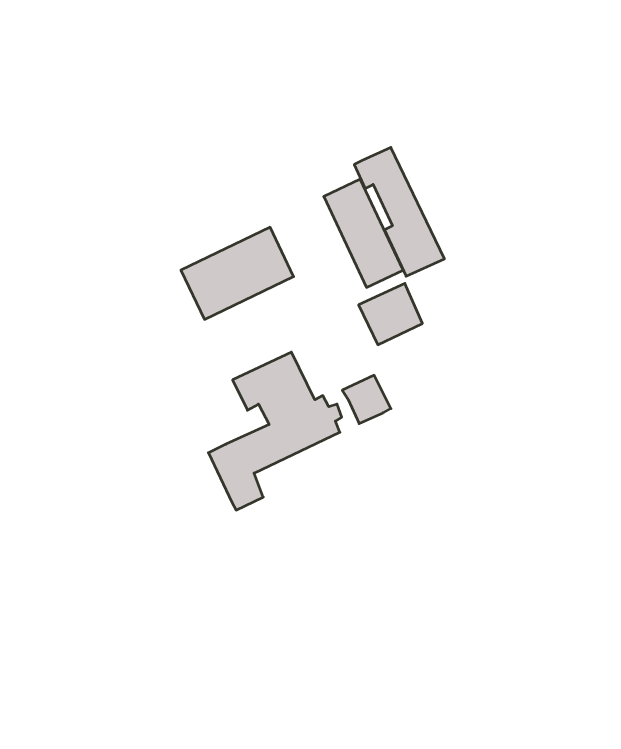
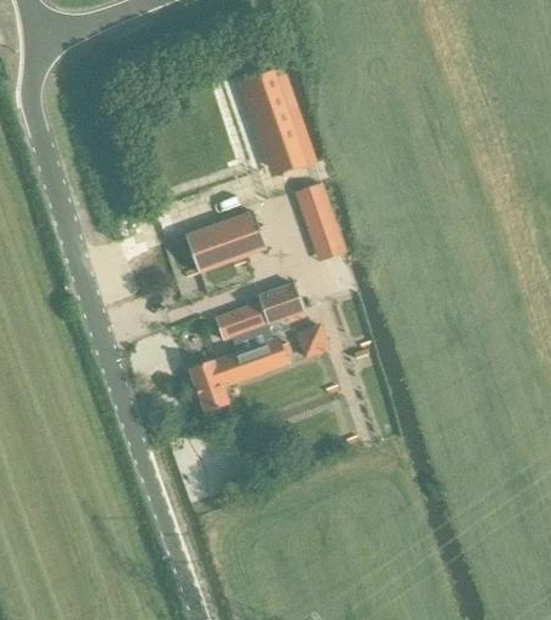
building: [354,147,444,276] -> [248,79,306,173]
building: [359,283,422,345] -> [258,281,303,323]

